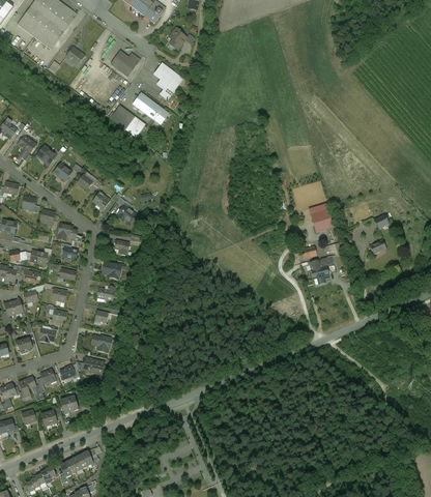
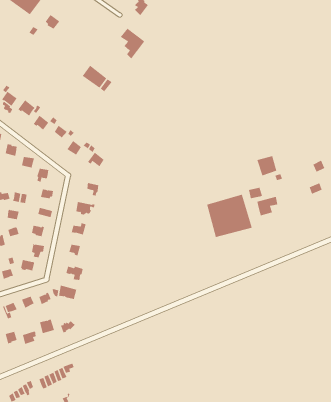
building: [110,51,139,76] -> none
building: [132,93,167,123] -> none
building: none -> [206,194,252,238]

